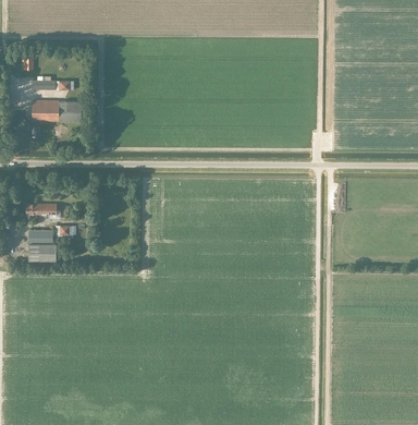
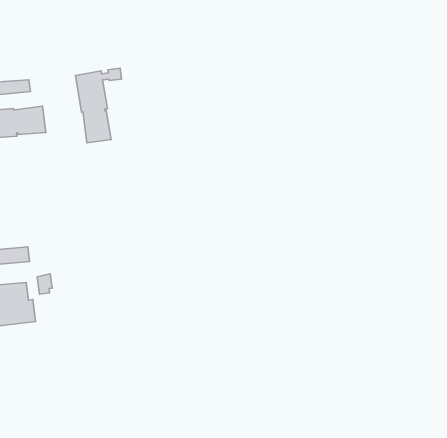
building: none -> [76,68,122,143]

